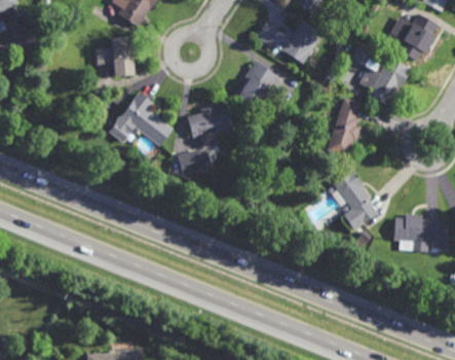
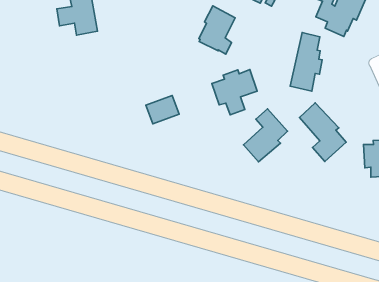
building: [108,93,173,147] -> none
building: [187,105,232,150] -> [212,70,257,115]
building: none -> [244,109,288,162]

